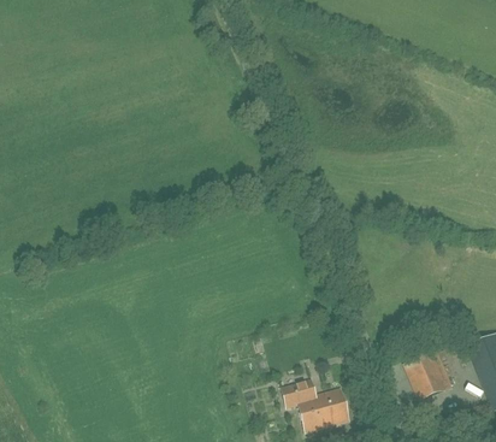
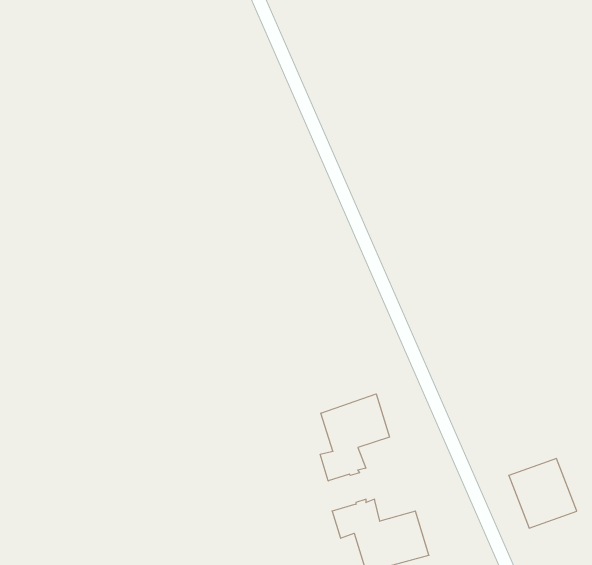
building: none -> [320,394,389,481]

